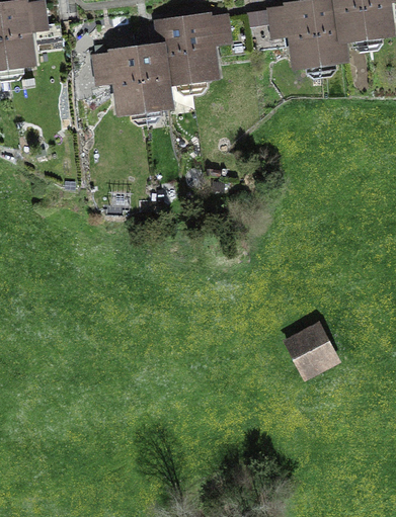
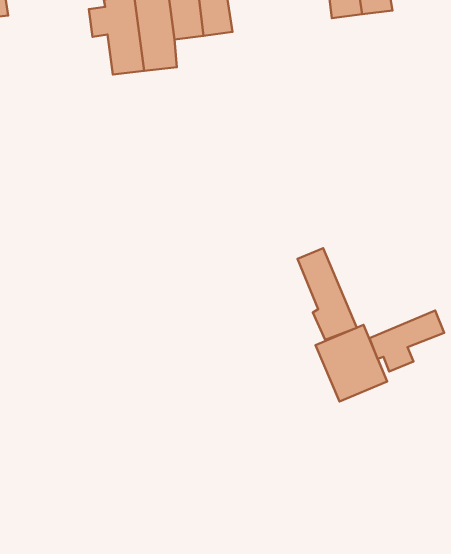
building: none -> [297,248,357,340]
building: none -> [370,311,444,371]

